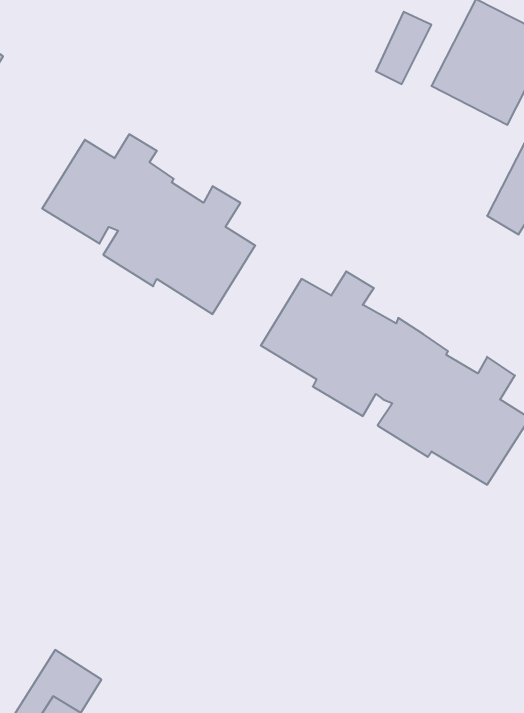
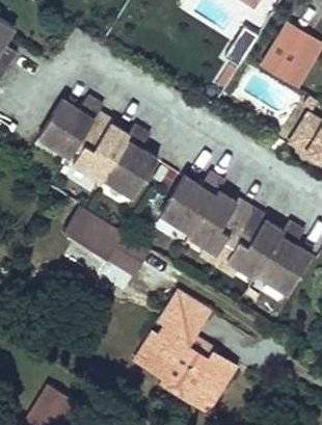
building: none -> [61,208,150,277]
building: none -> [120,283,236,411]

